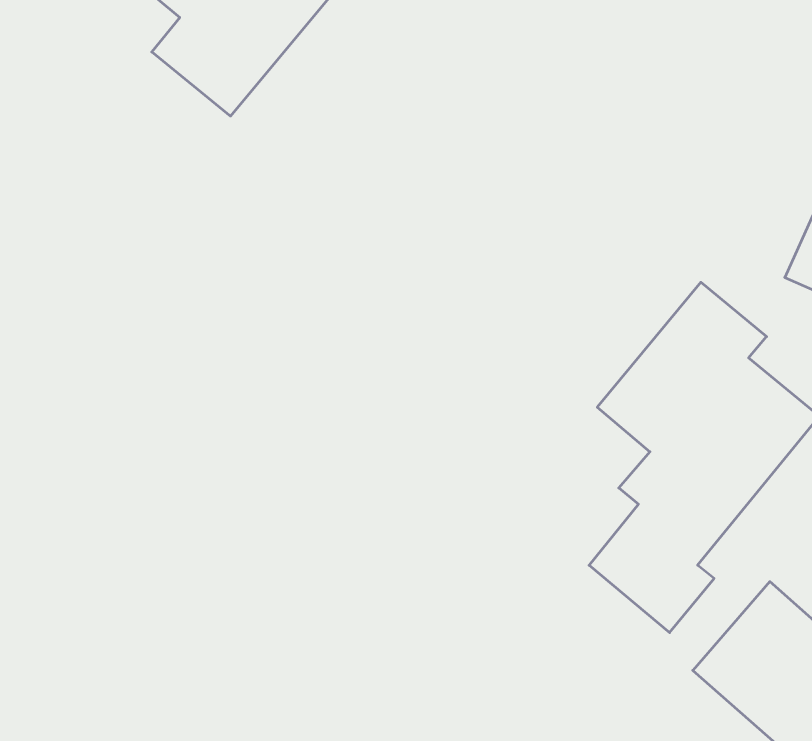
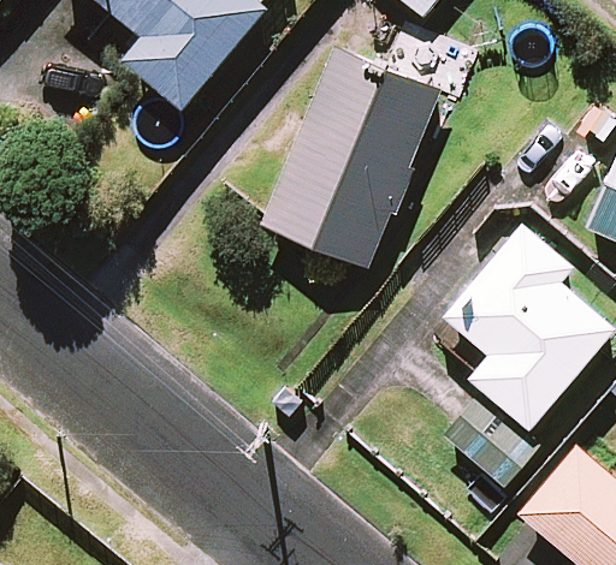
building: none -> [263,48,440,266]

